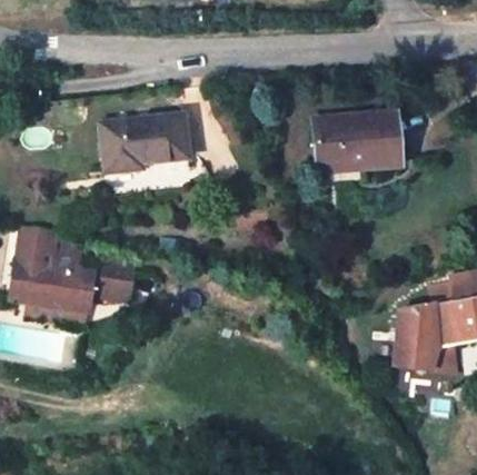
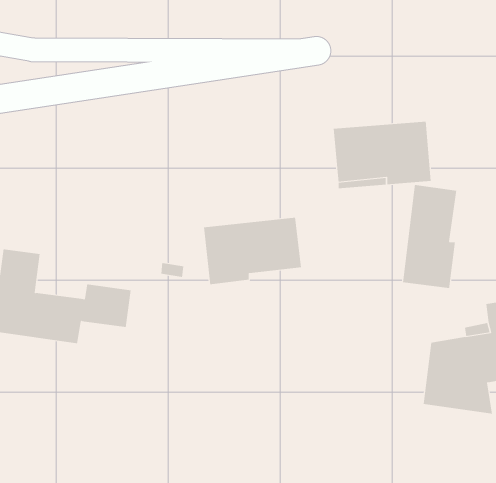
building: [102,113,190,174] -> [203,217,302,285]
building: none -> [402,184,457,289]

